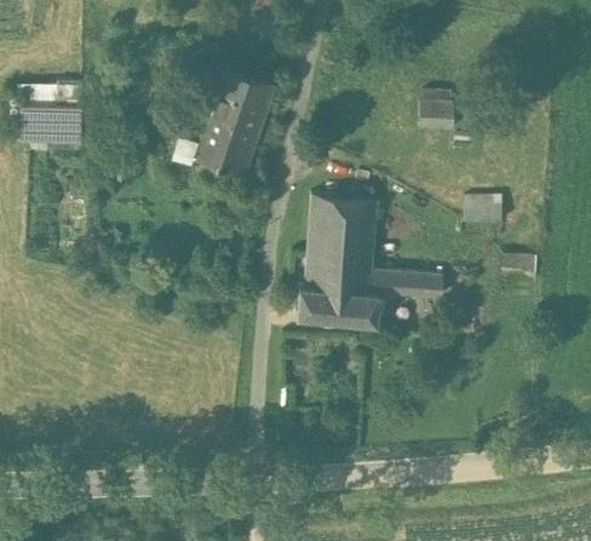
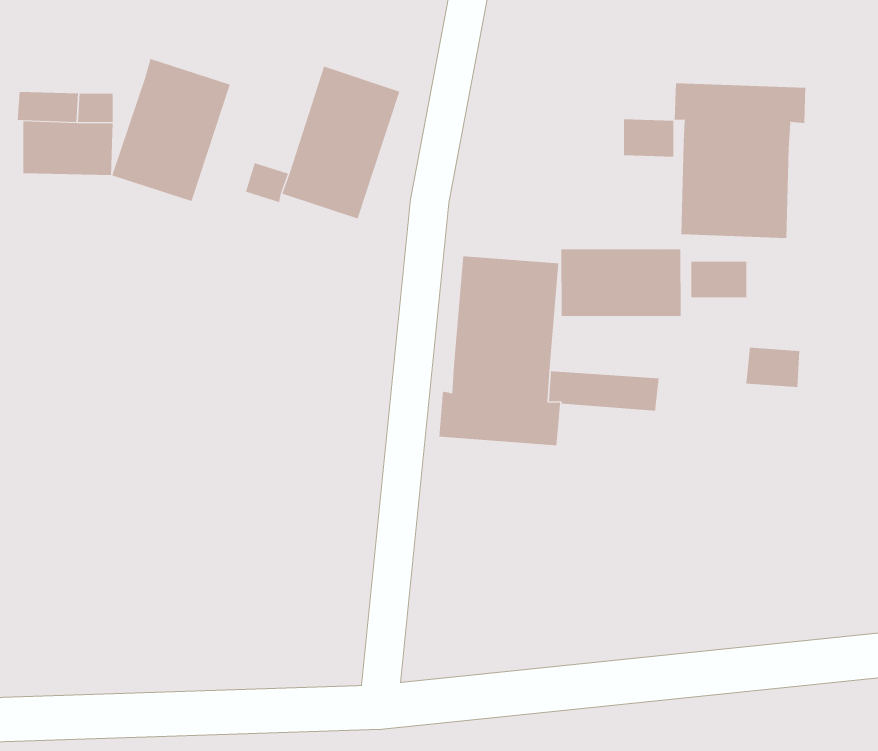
building: none -> [112,58,231,202]
building: none -> [674,82,806,239]
building: none -> [561,248,681,317]

